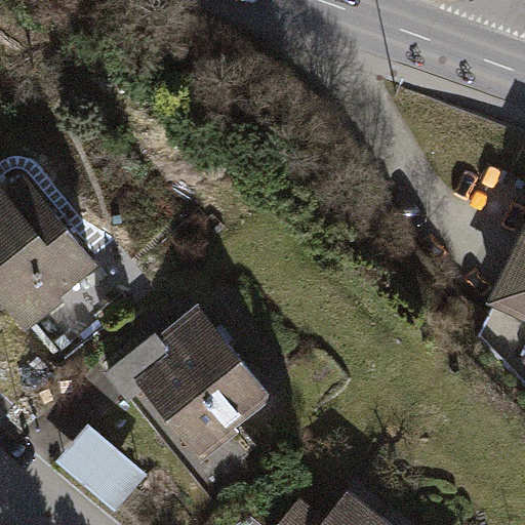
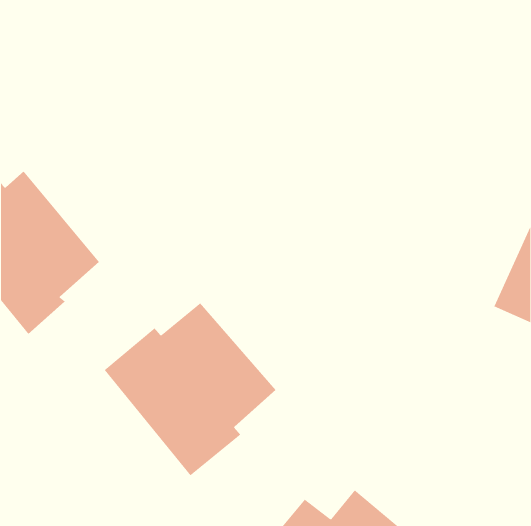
building: [54,423,148,515] -> none

